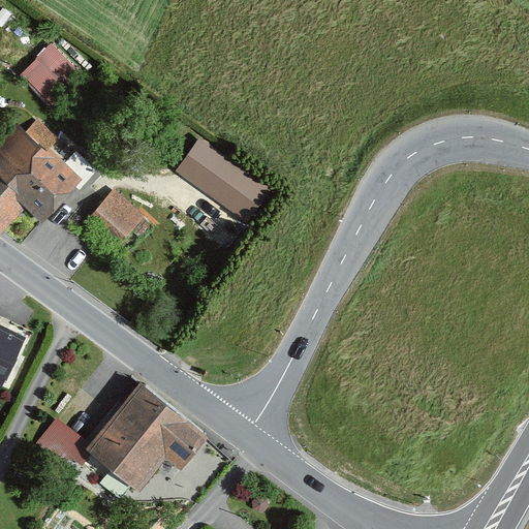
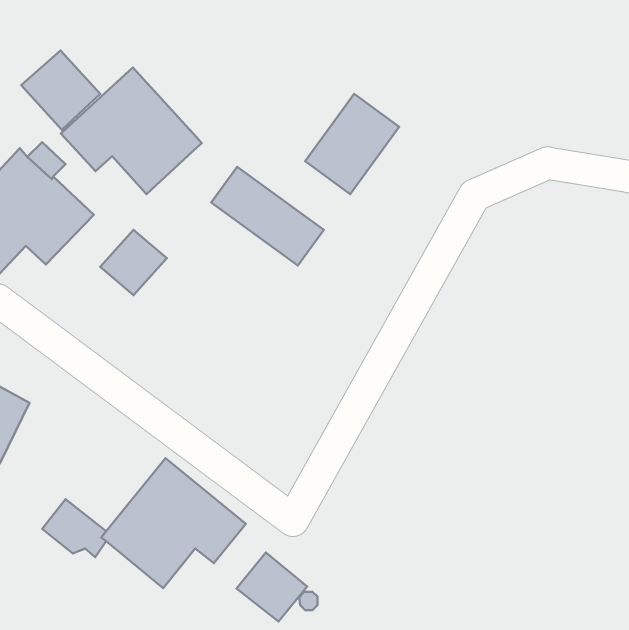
building: none -> [61,68,202,194]
building: none -> [305,94,399,194]
building: none -> [237,553,307,622]

